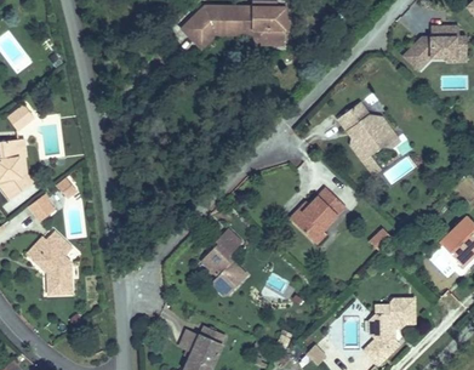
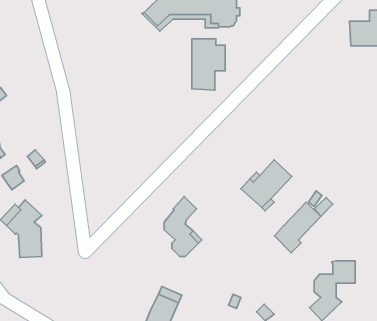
building: none -> [192,39,225,90]
building: [338,102,393,161] -> none
building: none -> [275,202,321,253]

